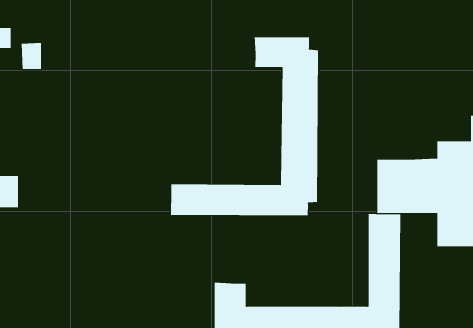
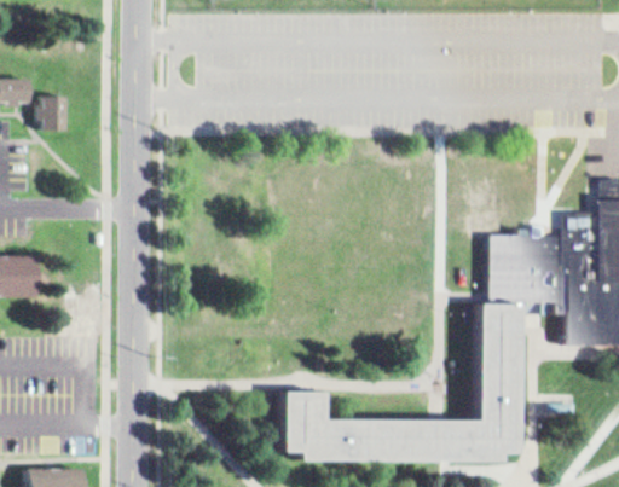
building: [170,36,318,216] -> none

